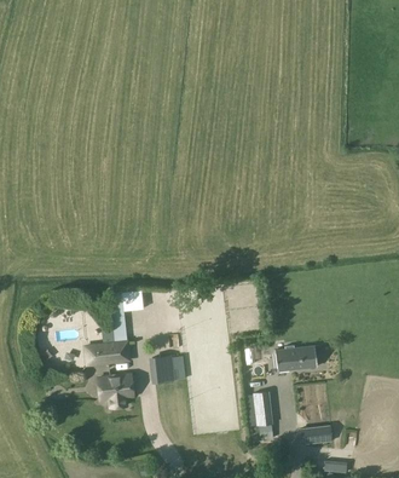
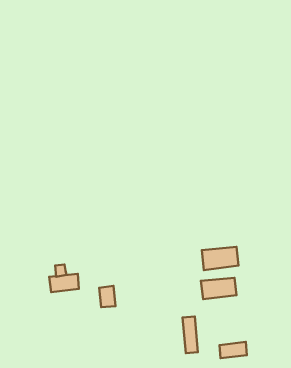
building: none -> [202,247,238,270]
building: [99,374,134,408] -> none

